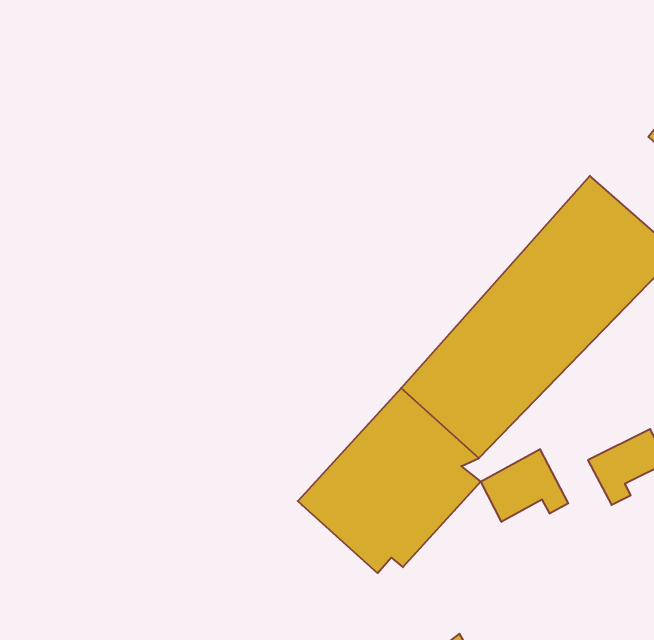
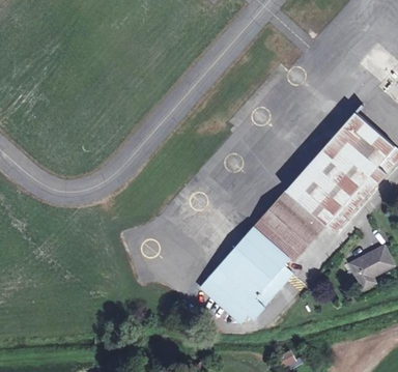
building: [481,449,568,522] -> none

